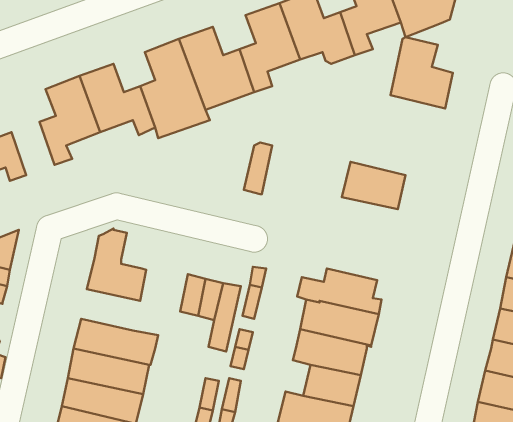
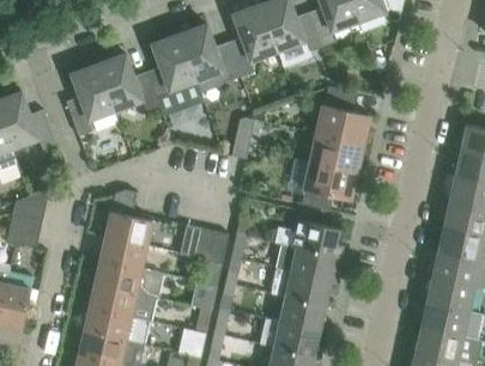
building: [391,37,453,108] -> [317,86,368,144]
building: none -> [301,161,356,211]
building: none -> [99,236,147,269]

